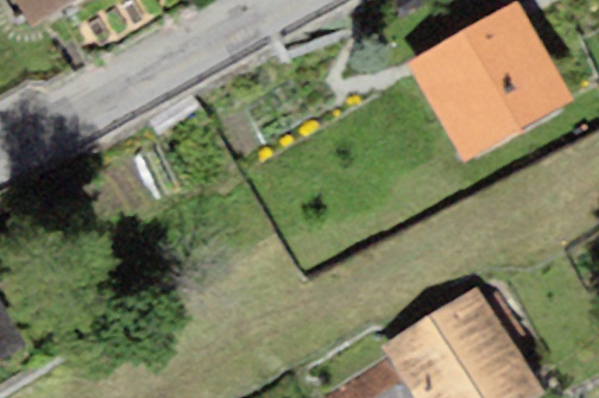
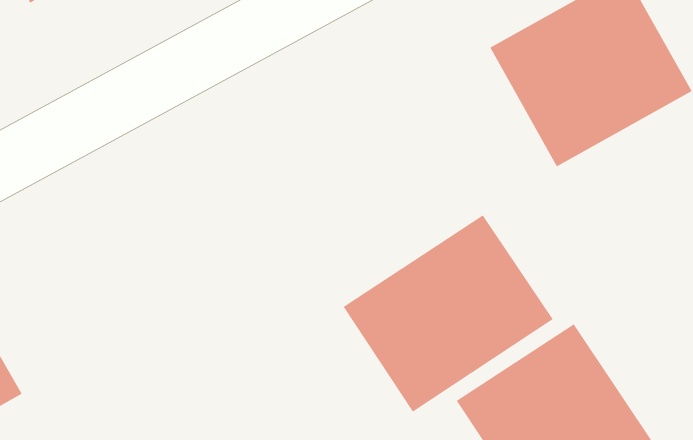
building: none -> [343,215,553,413]

